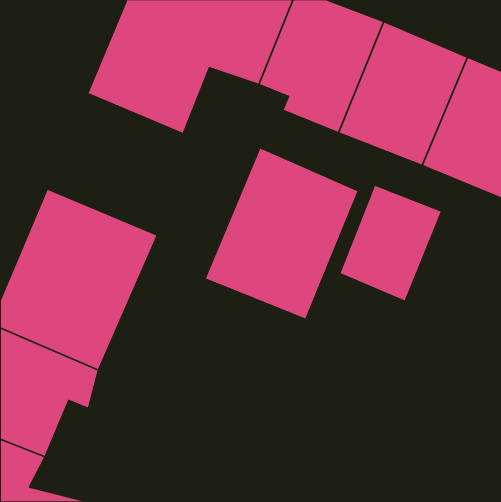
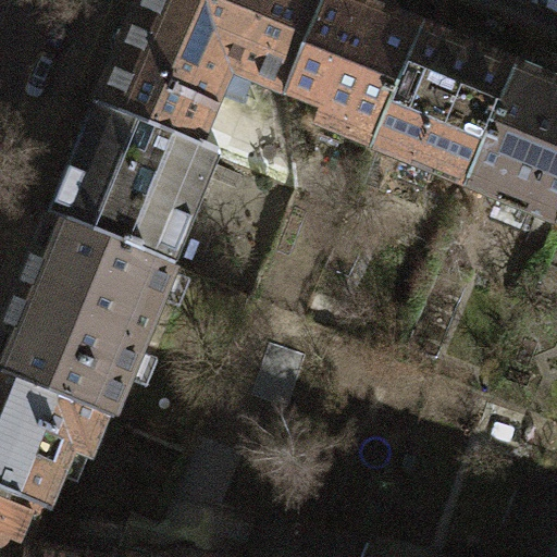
building: none -> [54,103,221,260]
building: [205,147,359,320] -> none
building: [339,185,442,301] -> none

